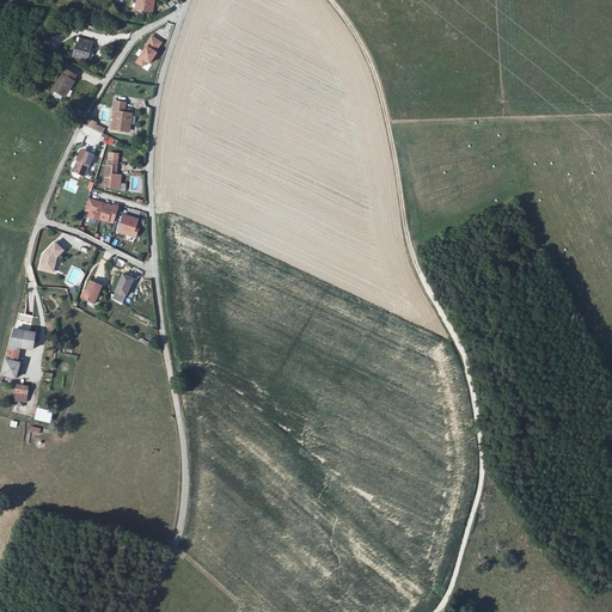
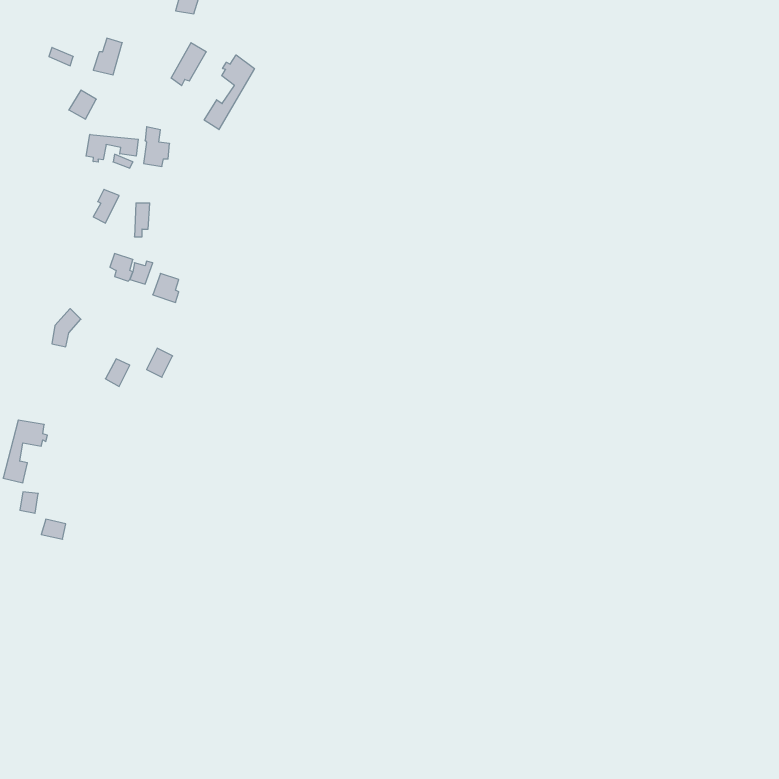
building: none -> [204,55,254,130]
building: none -> [86,134,138,162]

